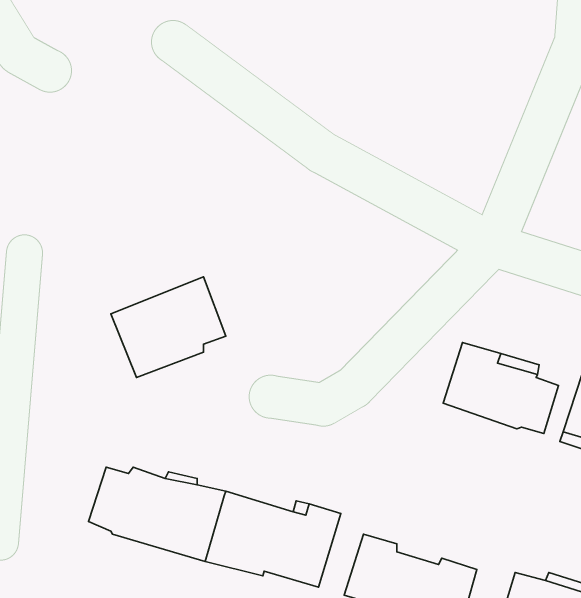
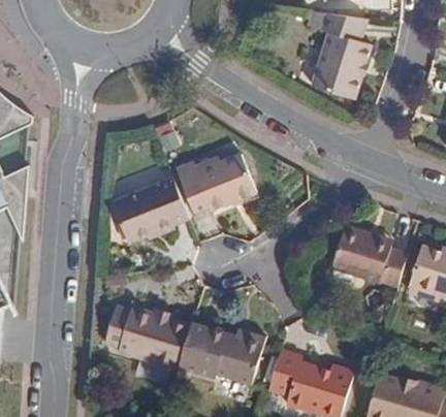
building: none -> [310,13,370,98]
building: none -> [182,160,260,217]

